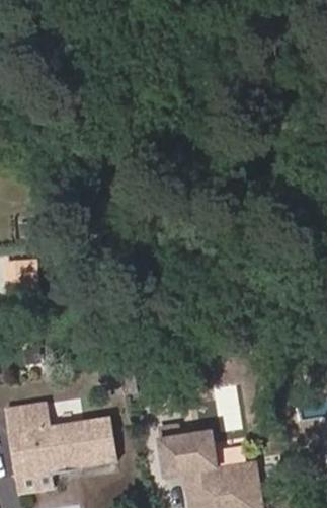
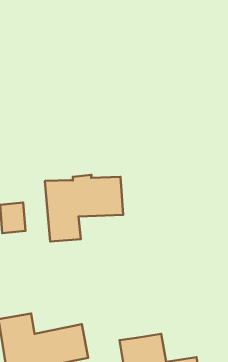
building: none -> [45,175,123,241]

